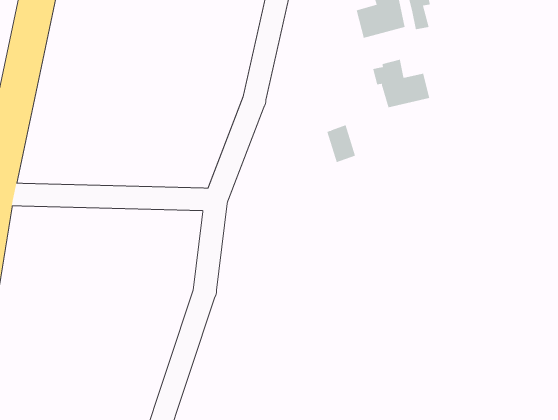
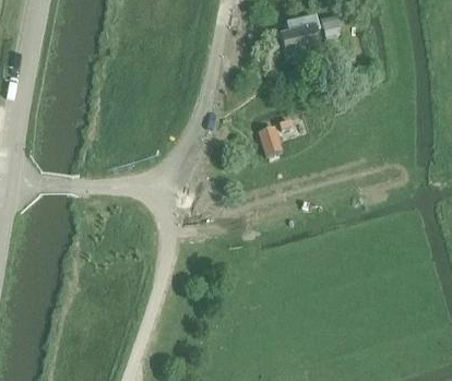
building: [372,59,430,108] -> none

